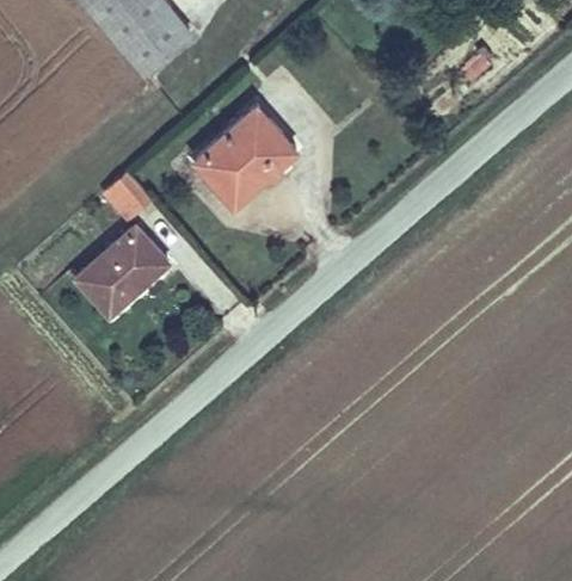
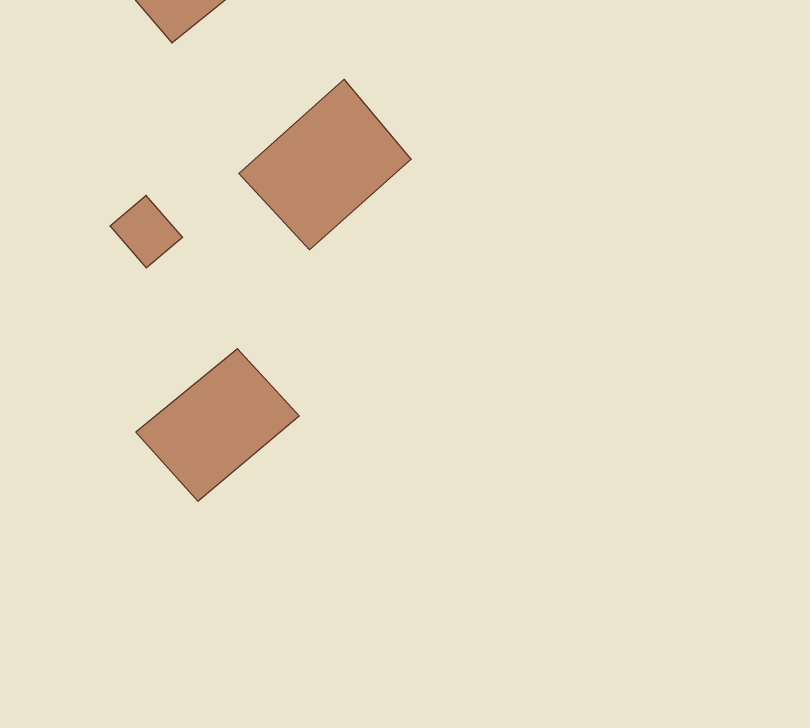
building: [69,222,177,322] -> [136,349,299,501]

